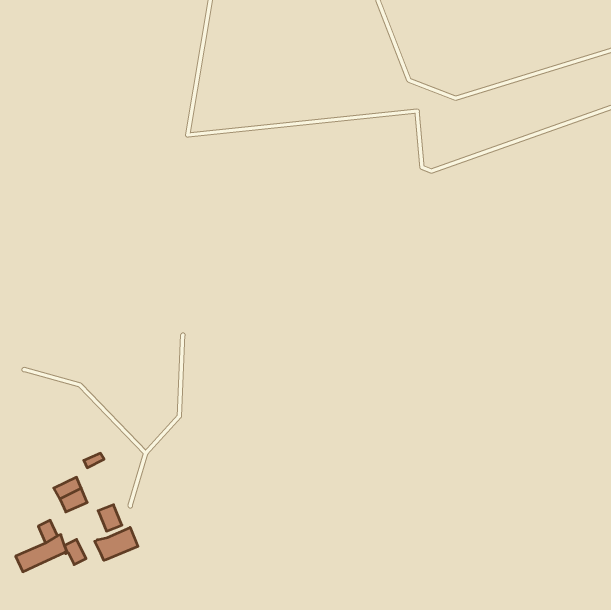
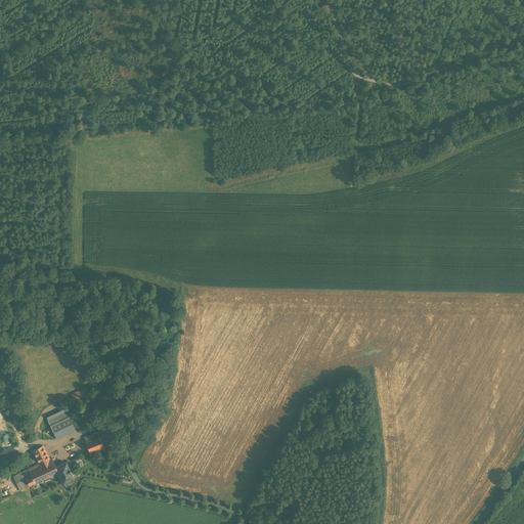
building: [95,527,138,560] -> none

